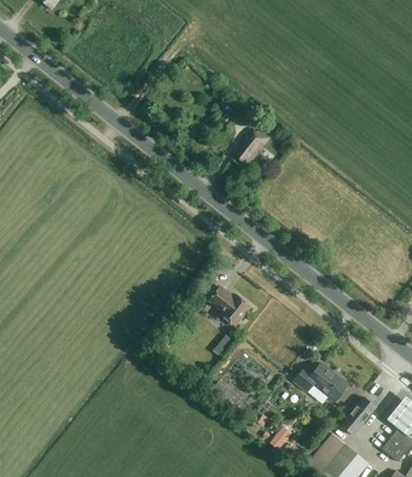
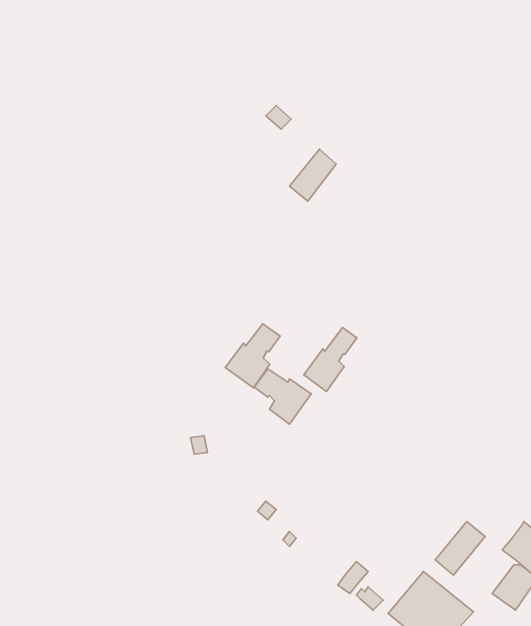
building: none -> [225,324,280,388]
building: none -> [304,328,357,391]
building: [294,361,349,401] -> none

